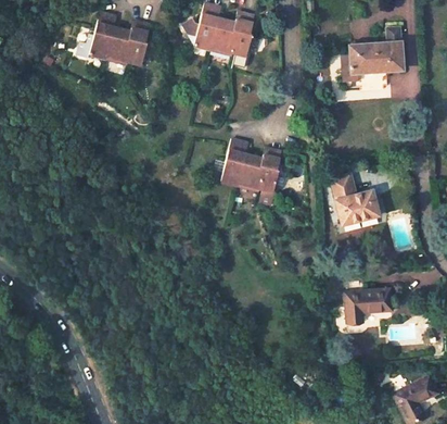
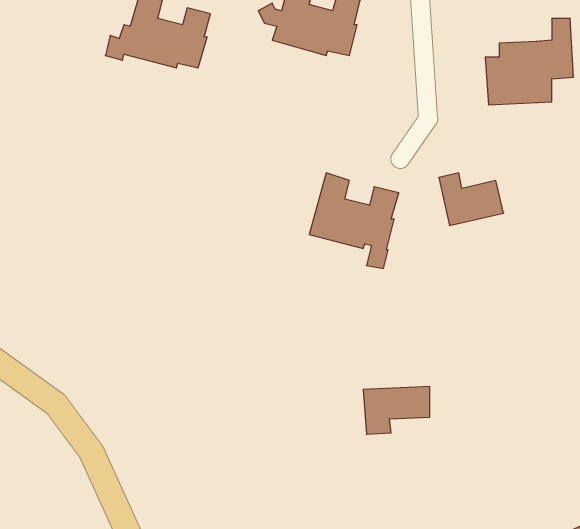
building: [334,186,380,223] -> [439,173,504,225]
building: [345,290,392,324] -> [363,386,430,434]

